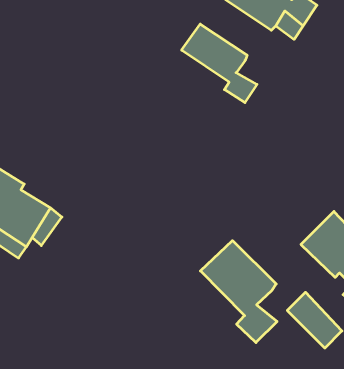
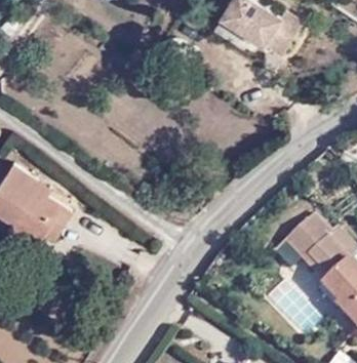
building: [182,24,257,103] -> none
building: [200,241,277,343] -> none

